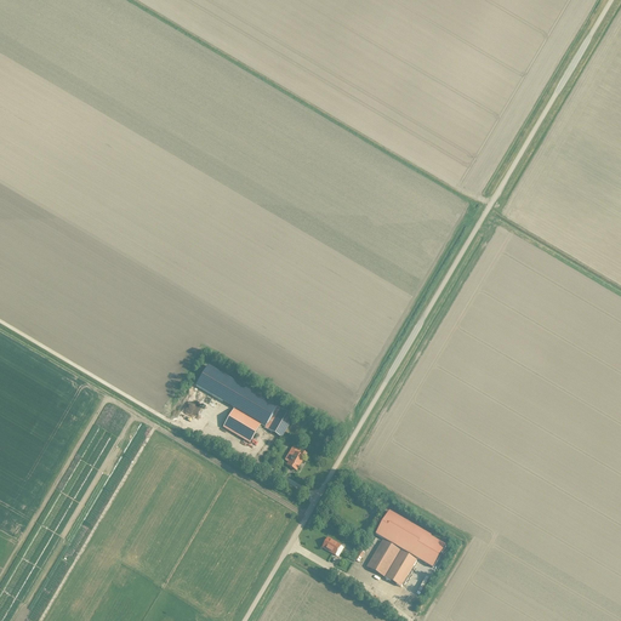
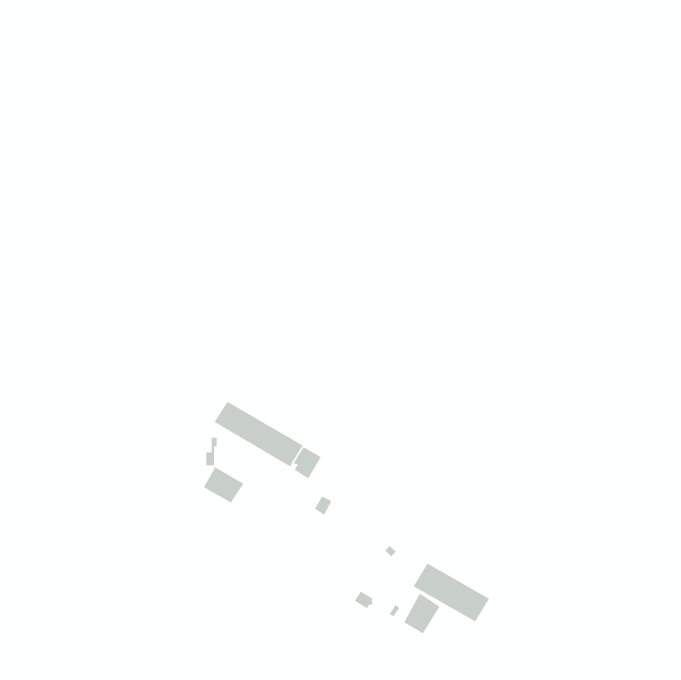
building: [222,406,260,440] -> [203,466,244,504]
building: [384,551,415,585] -> none

